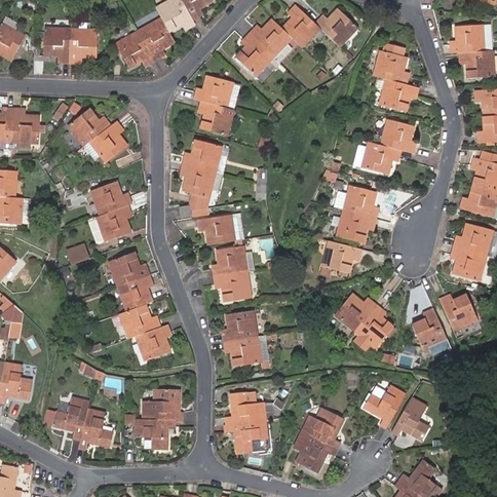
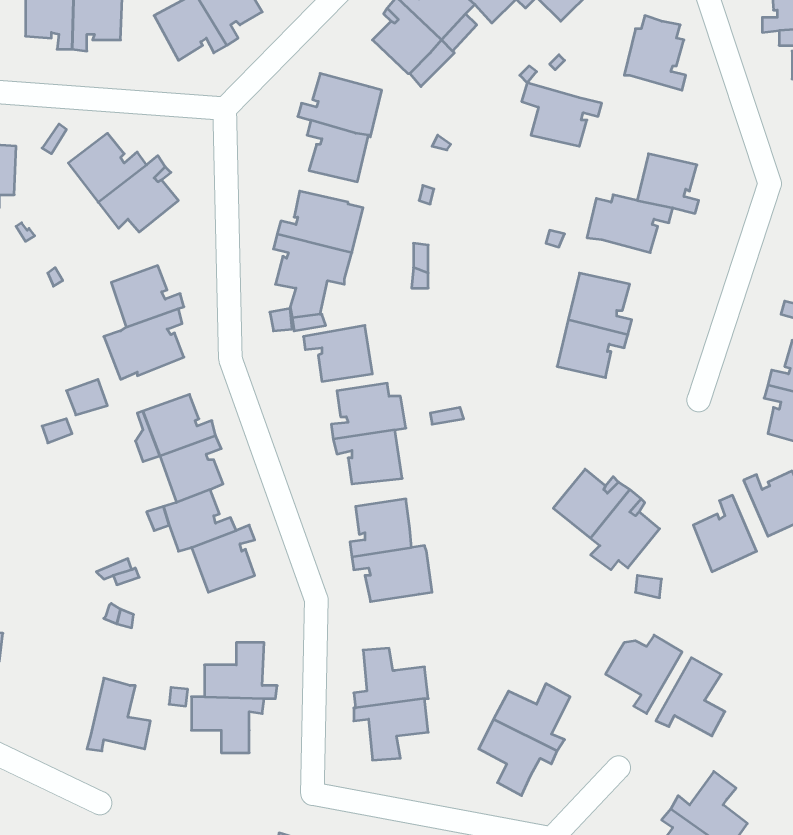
building: [374,76,418,111] -> [522,83,602,146]
building: [320,239,361,276] -> none
building: [52,396,89,439] -> none

